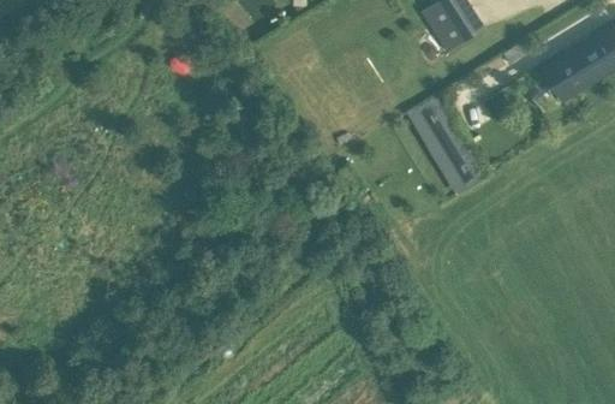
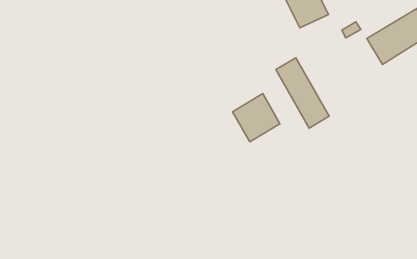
building: none -> [233,94,280,142]

